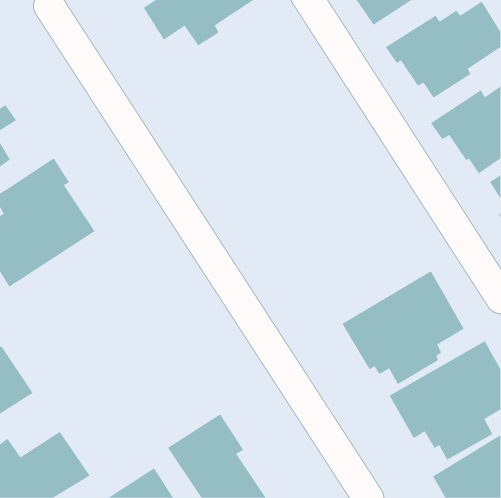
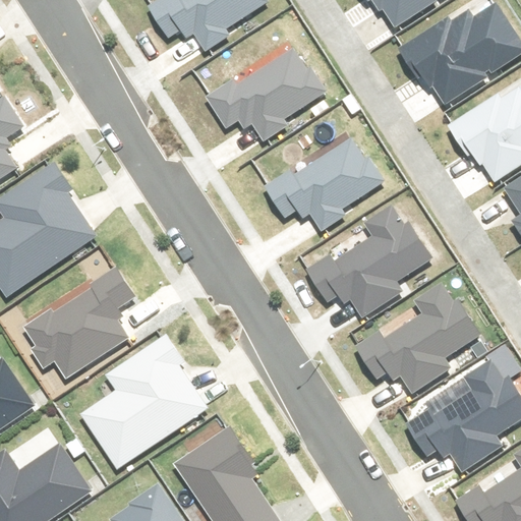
building: none -> [217,54,321,135]
building: none -> [275,144,377,225]
building: none -> [311,208,433,325]
building: none -> [26,272,128,380]
building: none -> [84,337,212,467]

